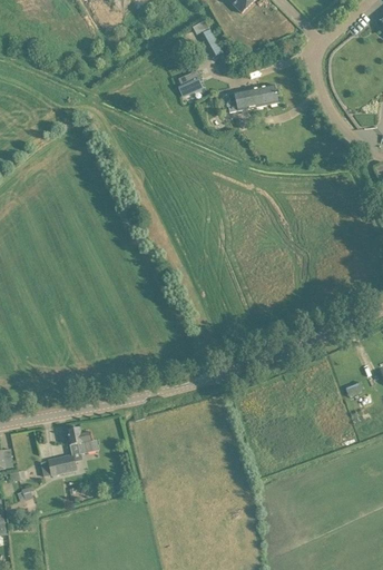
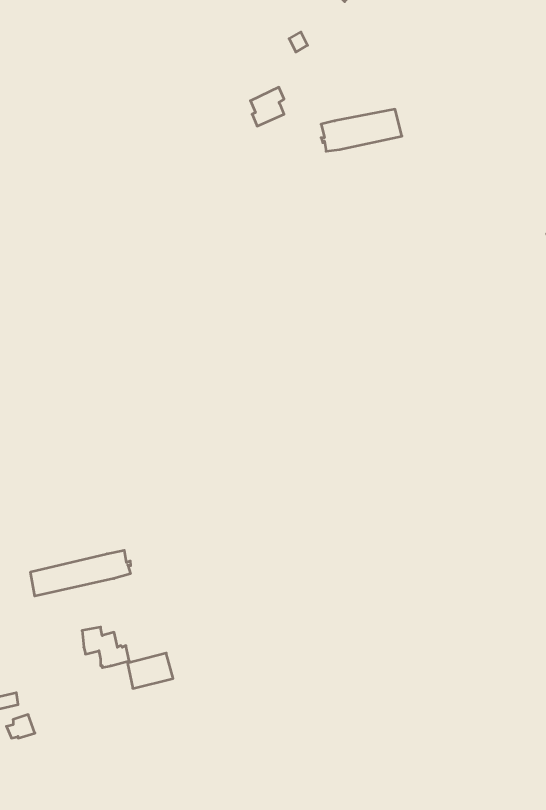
building: none -> [31,550,131,596]
building: [46,453,76,476] -> [128,653,173,688]

